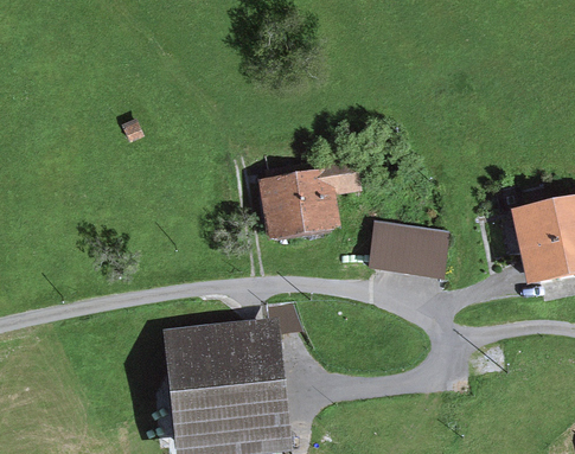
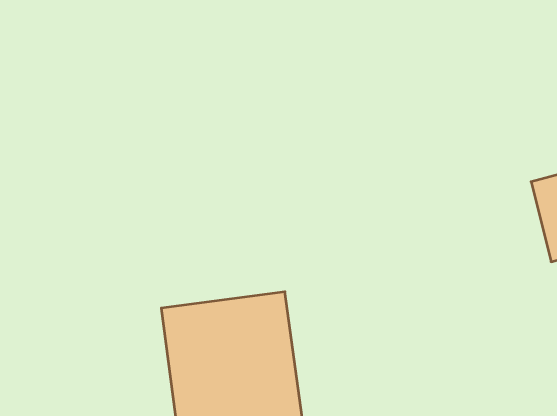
building: [256,165,340,243] -> none
building: [362,213,447,276] -> none

